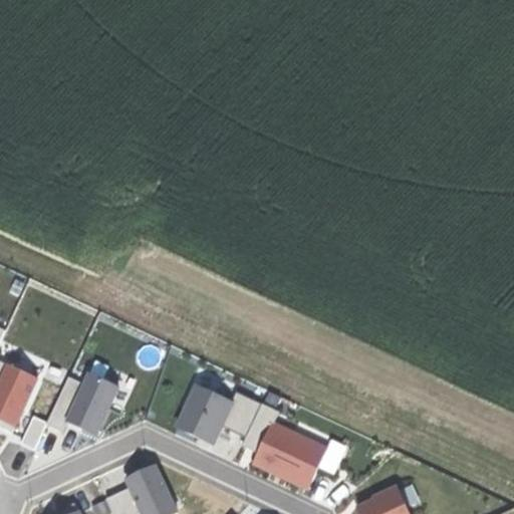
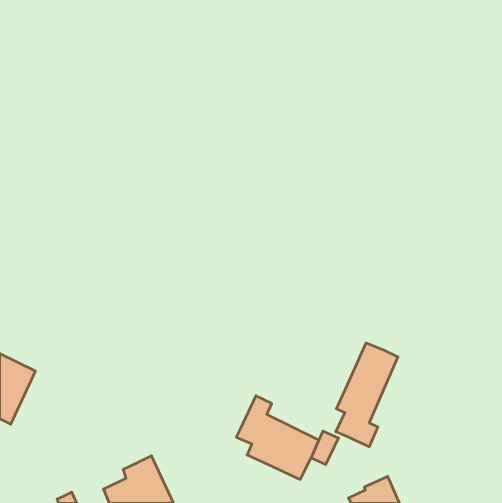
building: none -> [336,343,398,447]
building: [45,374,117,435] -> none
building: [176,386,261,443] -> none

